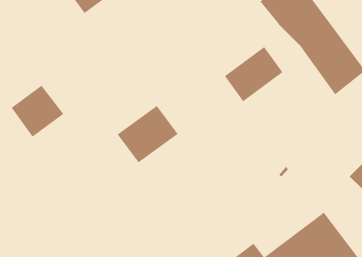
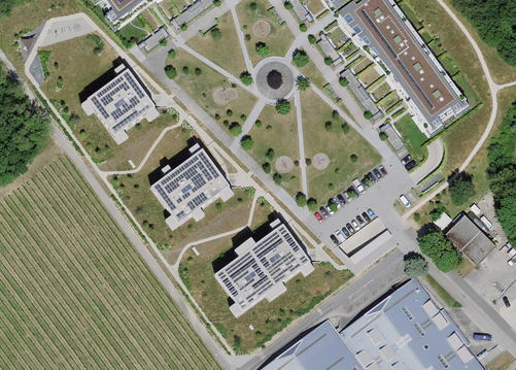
building: [224,46,283,102] -> none
building: [11,85,64,137] -> [90,66,157,132]
building: none -> [216,221,311,307]

